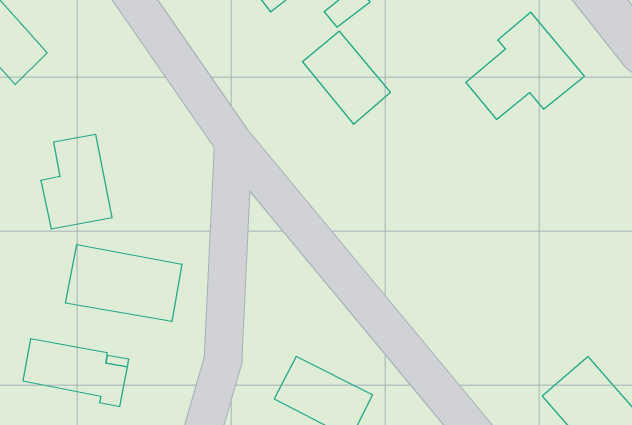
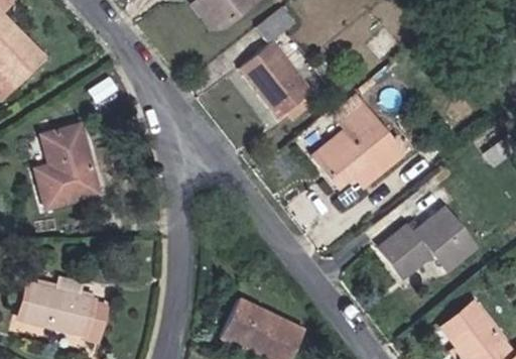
building: [466,12,584,119] -> [310,102,404,187]
building: none -> [383,208,476,273]
building: [66,244,182,322] -> none

